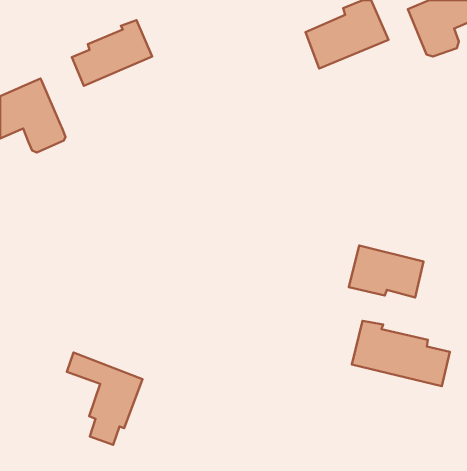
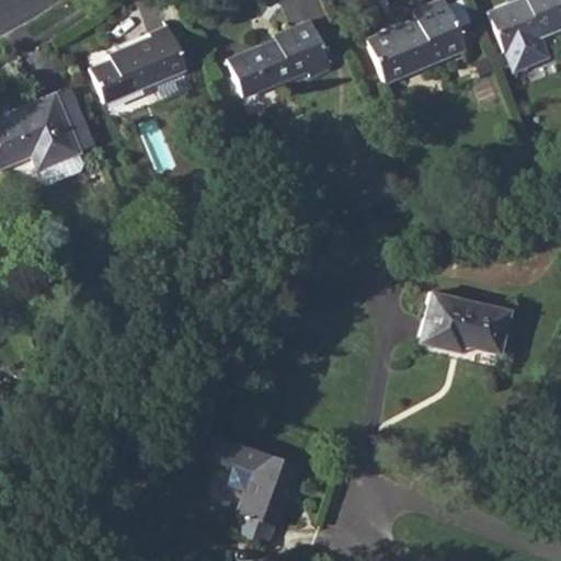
building: none -> [229,20,332,98]
building: [352,321,450,386] -> none
building: [67,352,143,445] -> [213,436,302,546]

